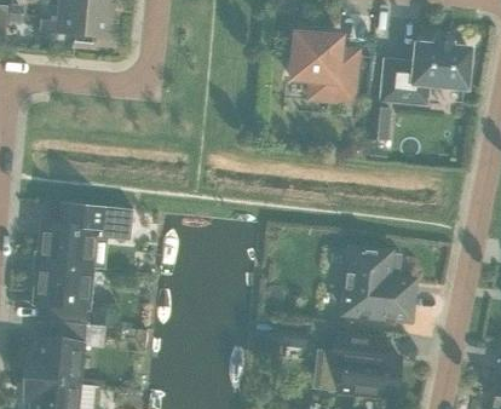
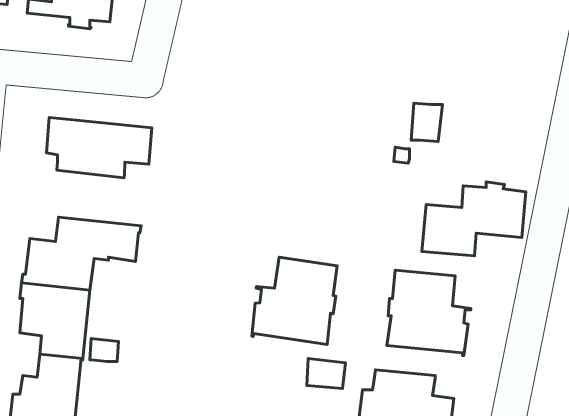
building: [292,33,358,103] -> none
building: [382,41,471,104] -> [422,182,526,256]
building: none -> [46,118,152,178]
building: none -> [252,257,337,345]

